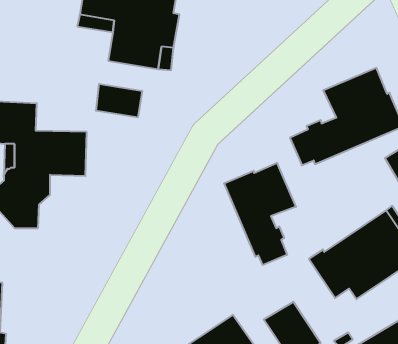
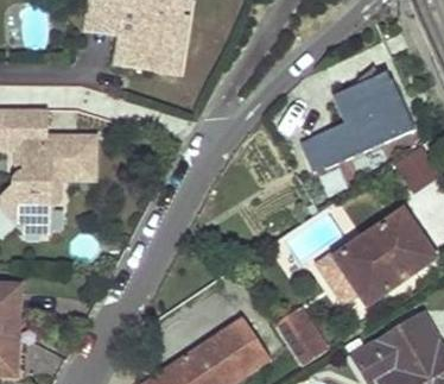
building: [96,84,142,117] -> none
building: [224,163,296,265] -> none

